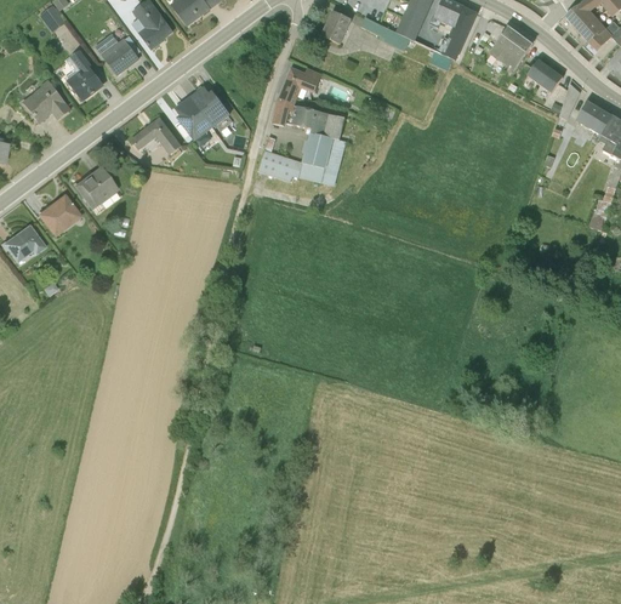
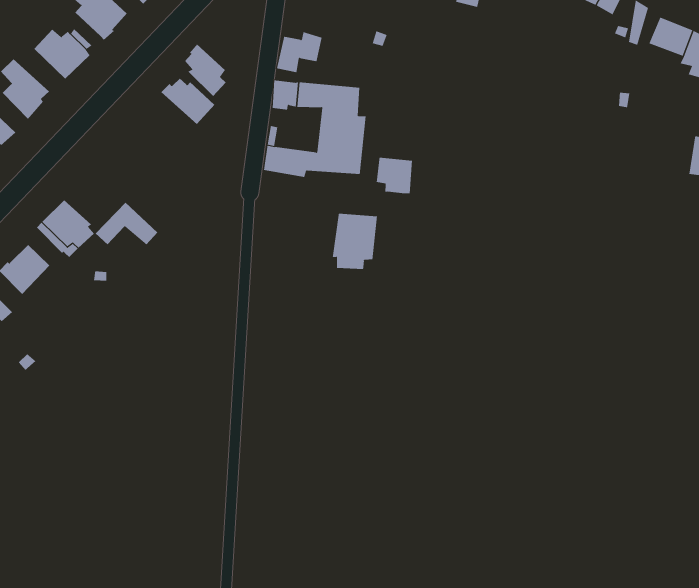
building: [176,96,207,139] -> [184,44,226,97]
building: [131,118,181,154] -> [95,202,158,245]
building: none -> [376,157,413,194]
building: none -> [332,213,377,270]

